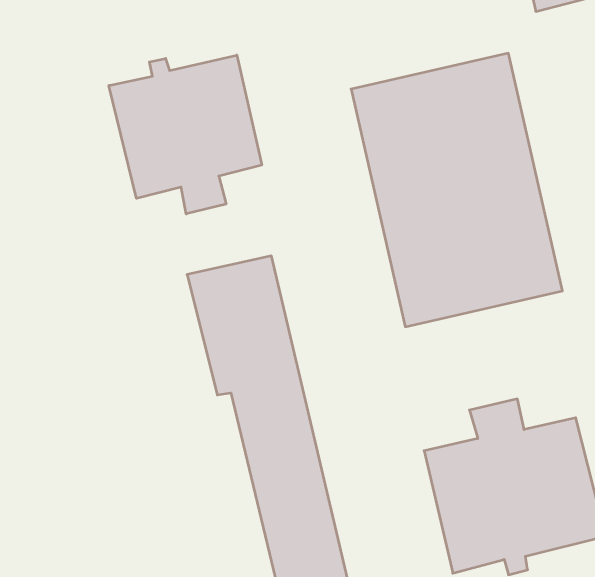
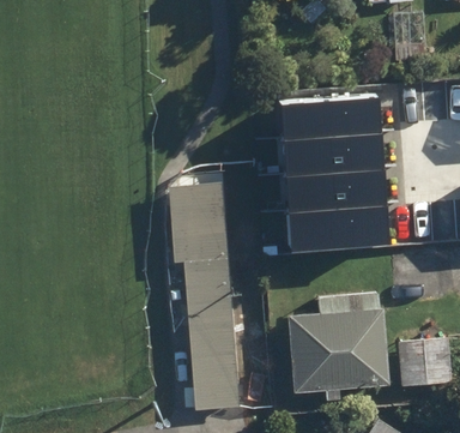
building: [109,55,262,214] -> none

